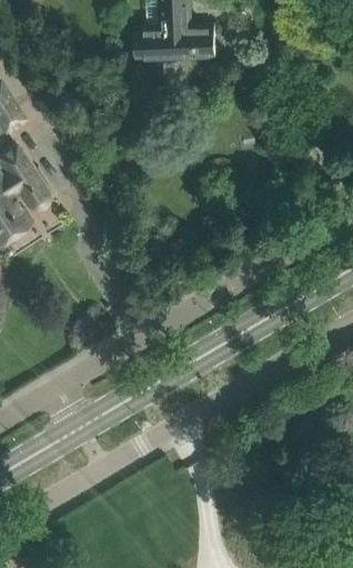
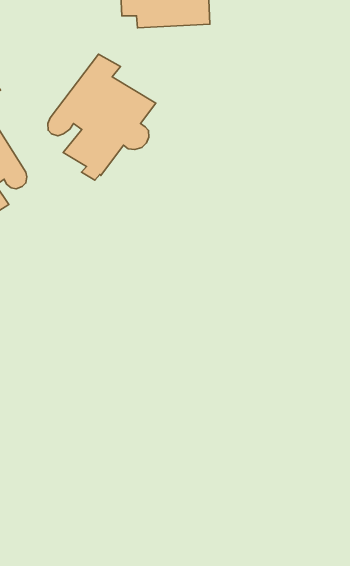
building: none -> [48,54,156,180]

